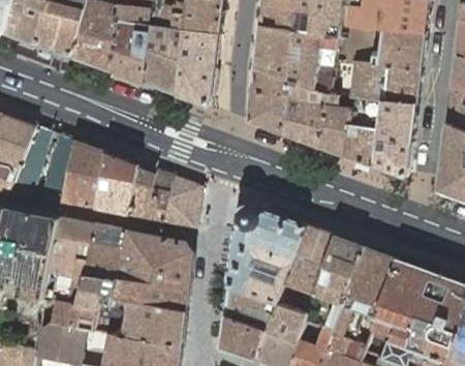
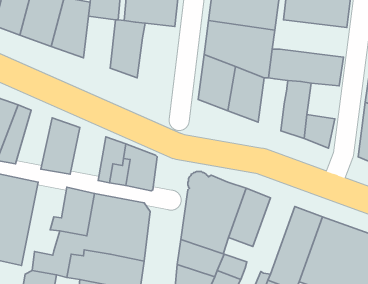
building: [112,21,150,83] -> none
building: [345,25,425,69] -> none
building: [176,29,220,105] -> none
building: [319,94,354,157] -> none
building: [377,100,415,143] -> none
building: [40,135,74,203] -> none
building: [96,153,138,216] -> none
building: [48,218,92,275] -> none
building: [313,237,363,328] -> none

